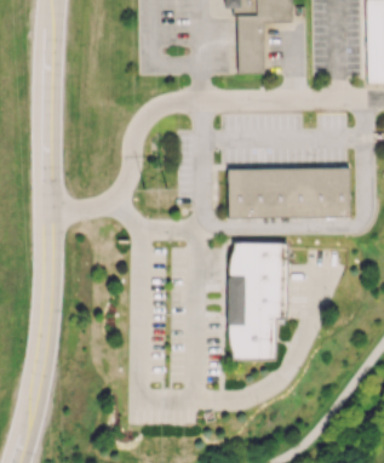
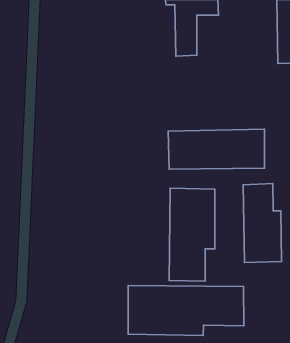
building: none -> [243,184,281,263]
building: none -> [128,285,244,336]

